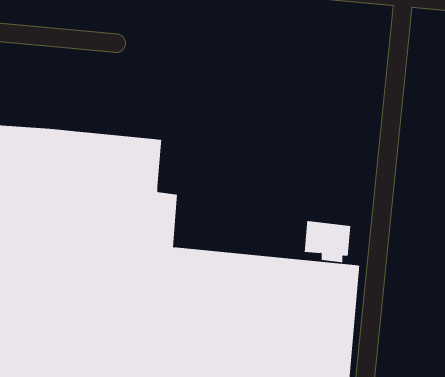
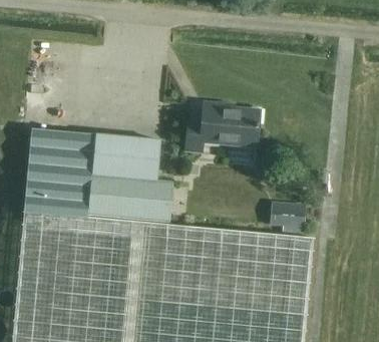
building: none -> [184,107,259,153]

